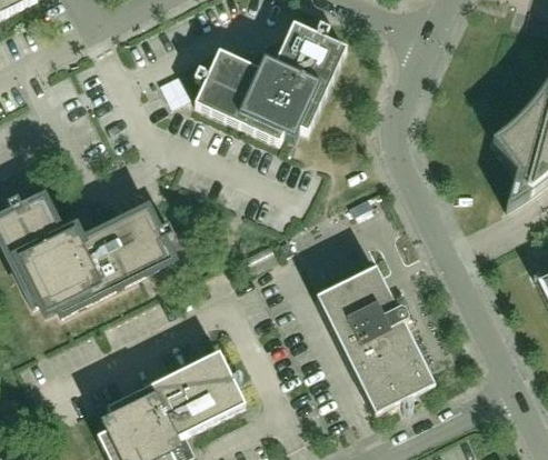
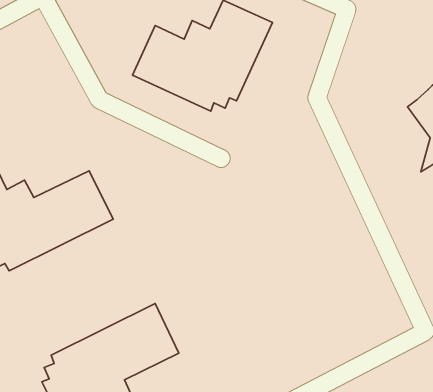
building: [316,266,435,413] -> none

